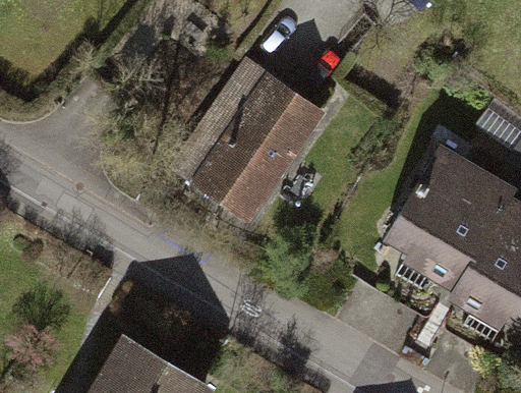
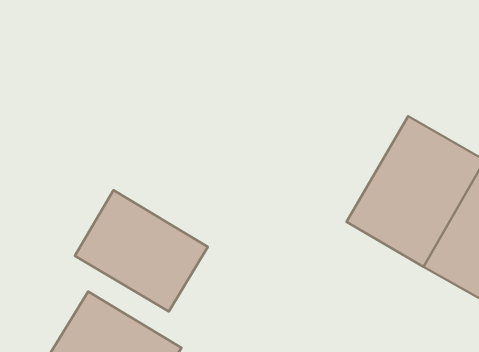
building: [171,75,327,226] -> none
building: none -> [75,190,208,312]

